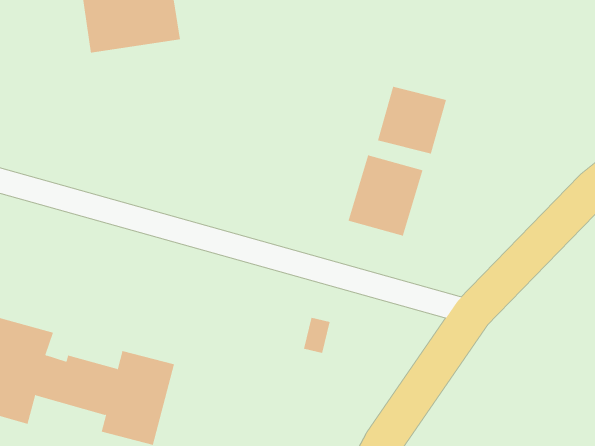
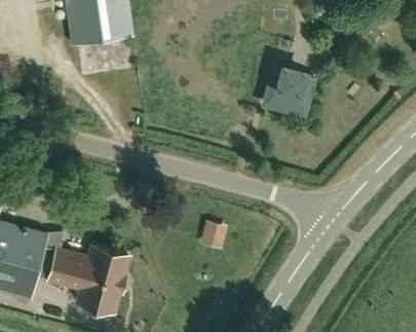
building: [348,155,423,236] -> none

